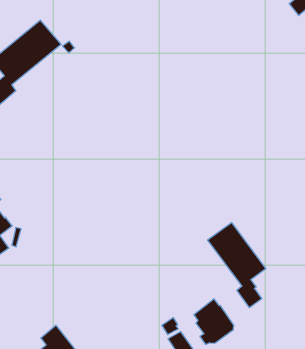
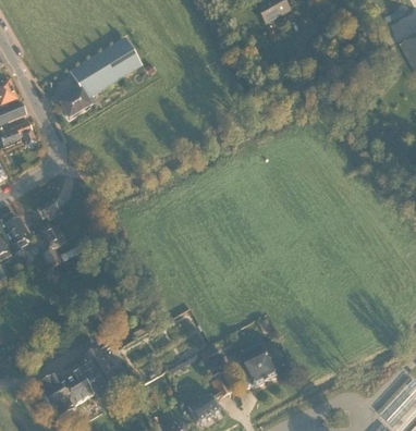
building: [208,223,266,308] -> none

